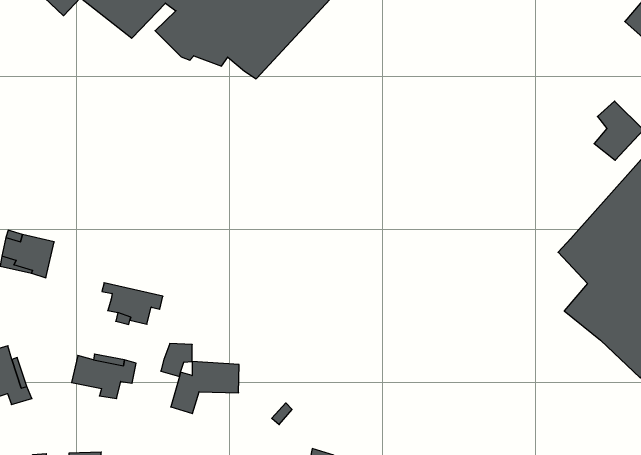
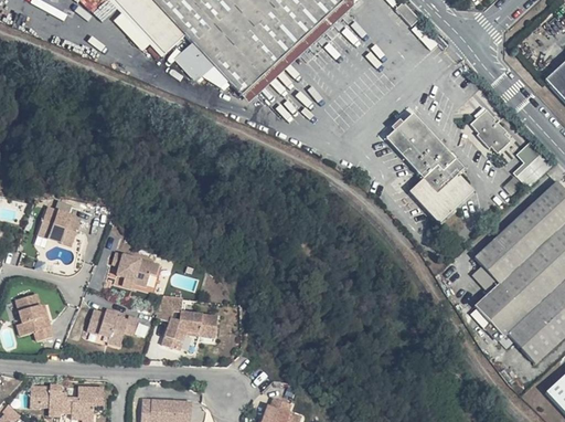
building: none -> [470,108,511,152]
building: none -> [386,113,473,221]

